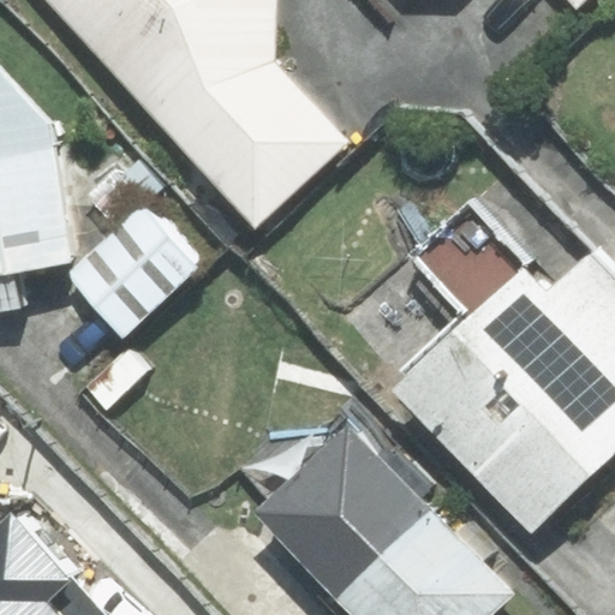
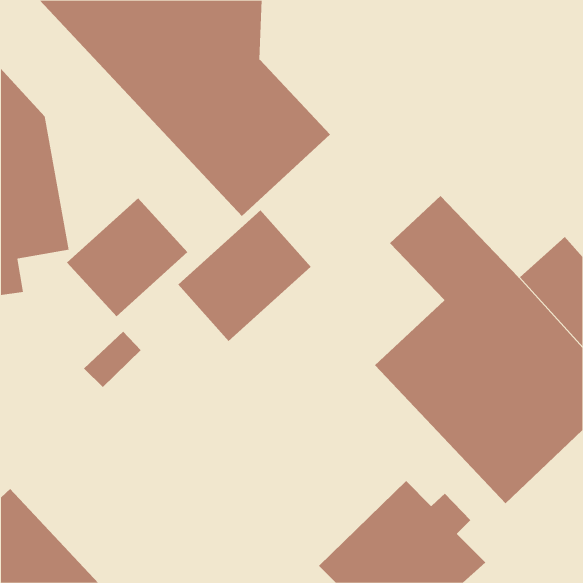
building: none -> [178,210,312,342]
building: [256,423,432,596] -> none

